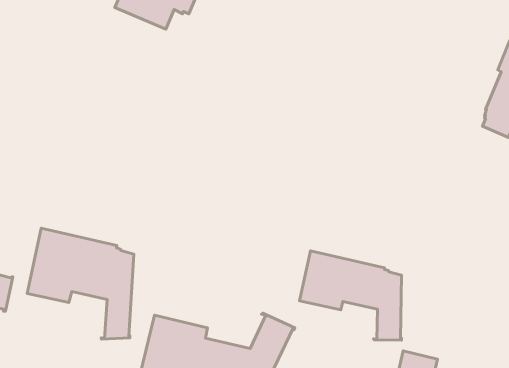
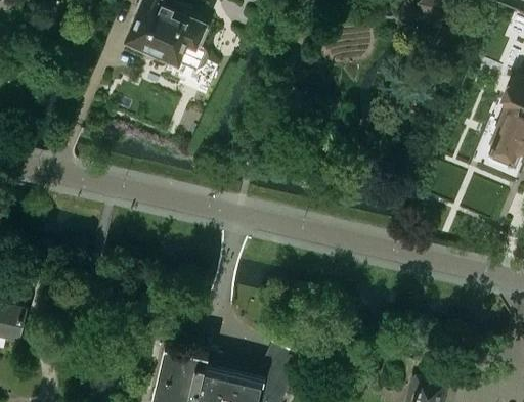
building: [27,228,134,339] -> none
building: [300,251,401,340] -> none

